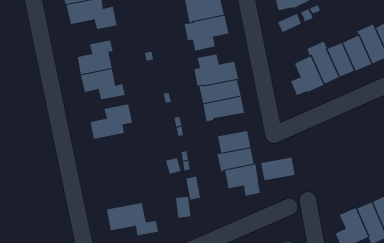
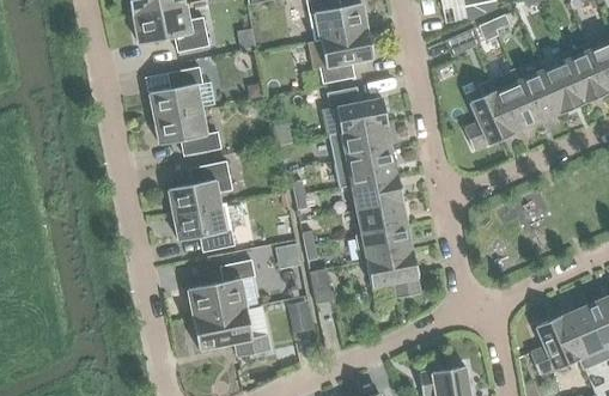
building: none -> [173,203,235,251]
building: [261,156,295,181] -> [352,173,403,209]
building: none -> [188,260,255,317]

